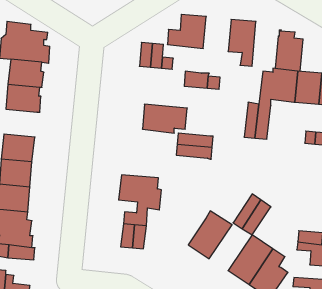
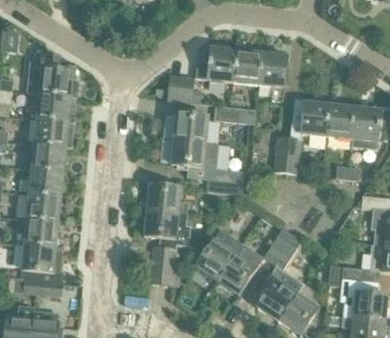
building: [275,30,303,71] -> [233,42,261,84]
building: none -> [173,112,209,140]
building: none -> [31,142,64,171]
building: none -> [150,183,188,212]
building: none -> [197,228,242,279]

